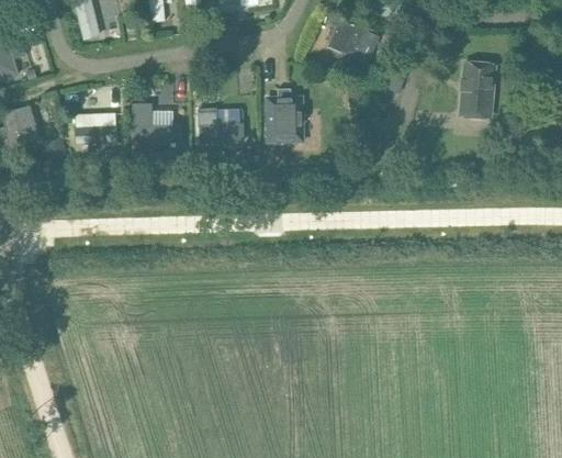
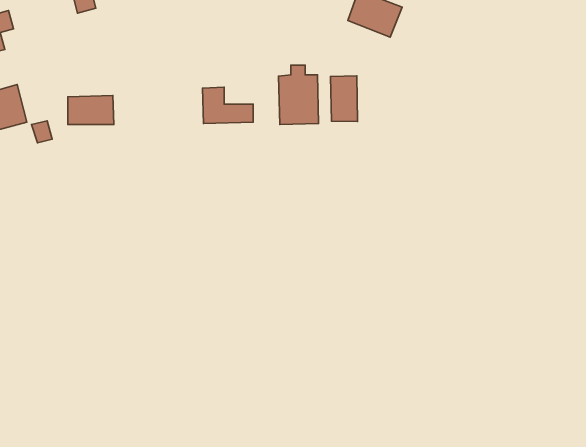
building: [458,59,496,118] -> none
building: none -> [330,76,358,122]
building: [132,103,182,143] -> none

